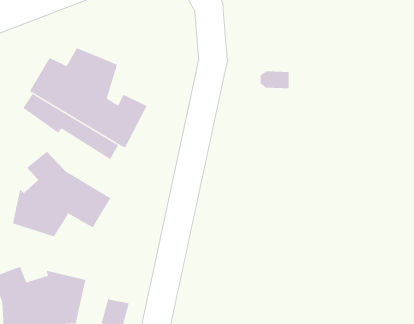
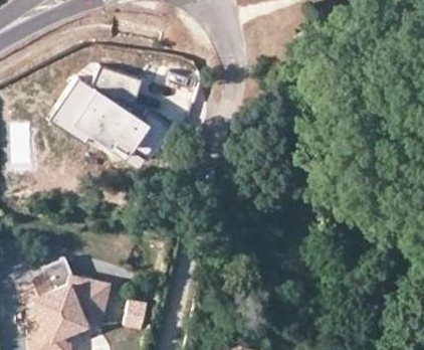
building: [13,151,111,237] -> none

